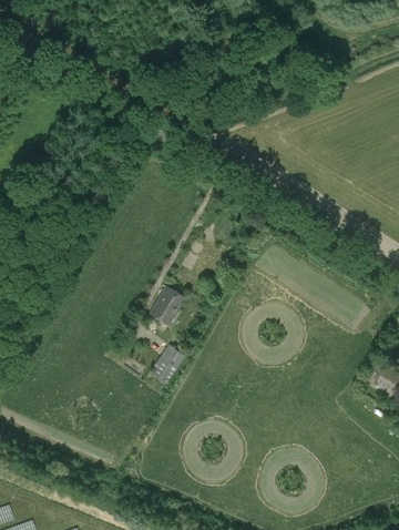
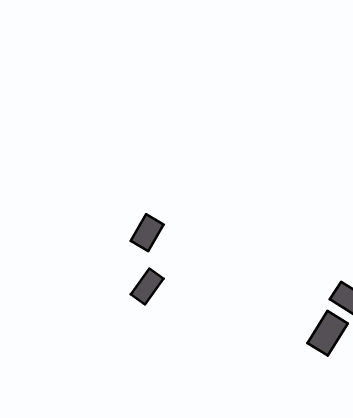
building: none -> [307,311,348,356]

